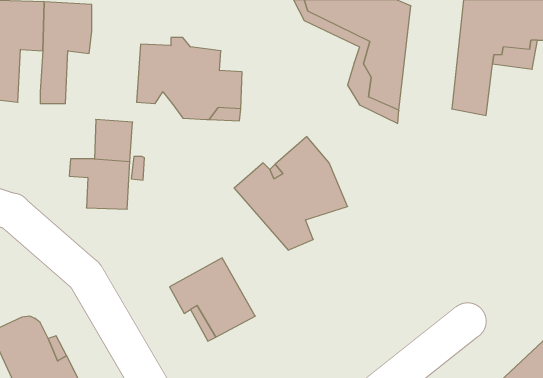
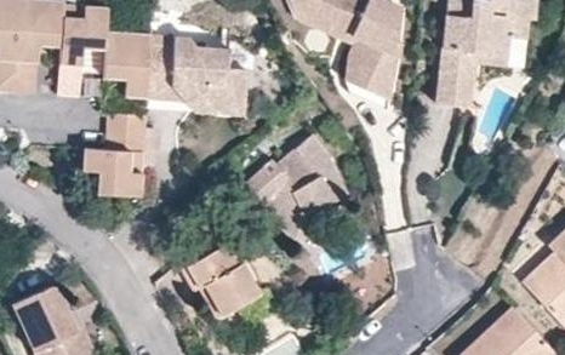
building: none -> [104,29,149,96]

